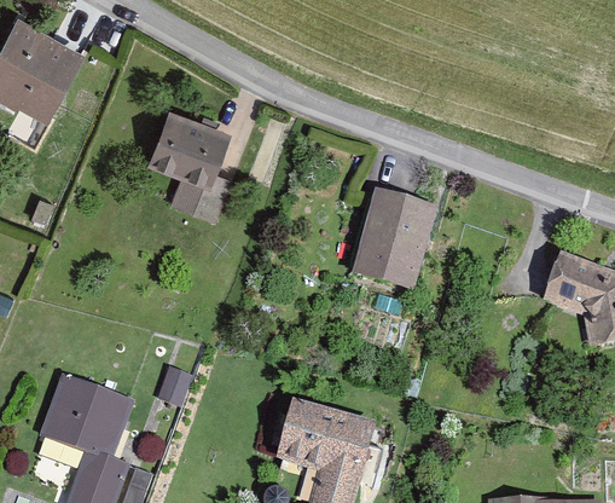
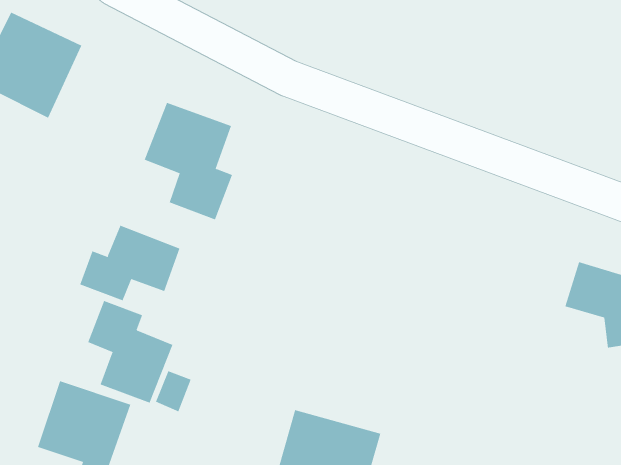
building: [358,192,437,293] -> none
building: none -> [80,225,180,301]
building: none -> [88,300,173,403]

